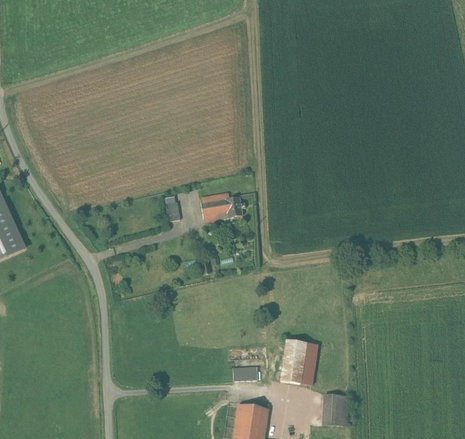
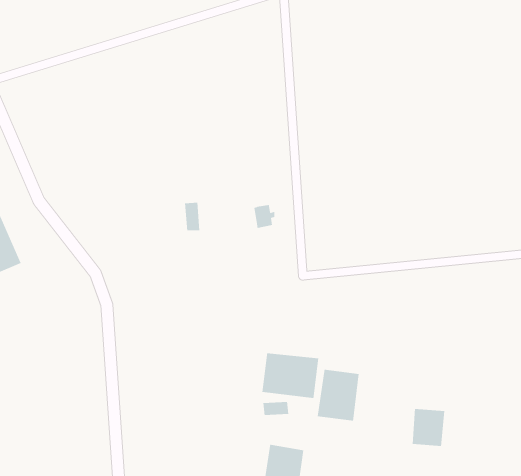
building: [200,193,228,222] -> none
building: none -> [262,352,319,399]
building: [322,394,351,427] -> [412,408,445,447]

